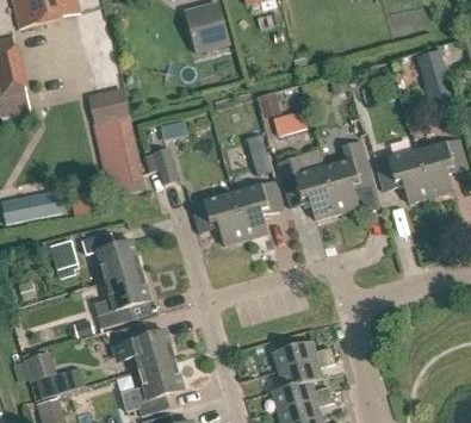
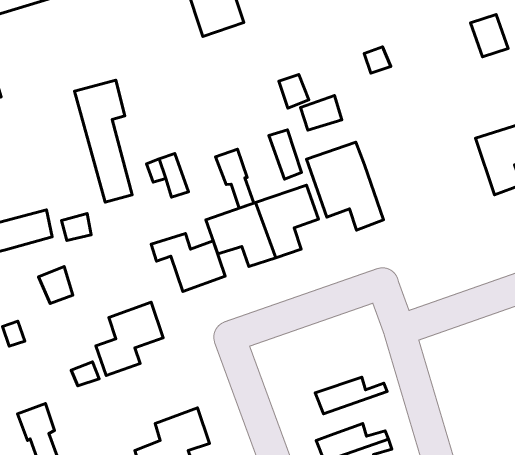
building: [324,141,374,213] -> none
building: none -> [215,149,254,208]
building: [376,150,430,204] -> none
building: [82,234,142,281] -> [151,234,225,292]
building: [116,323,175,371] -> none
building: [279,355,335,388] -> none

